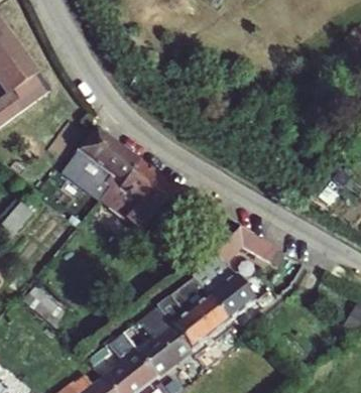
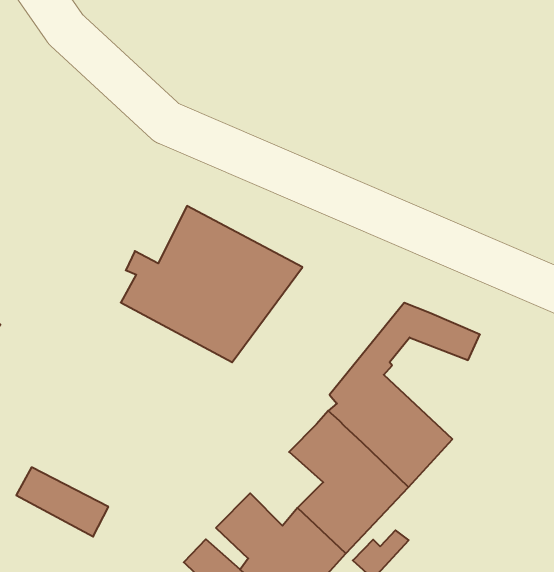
building: [66,128,136,212] -> none

